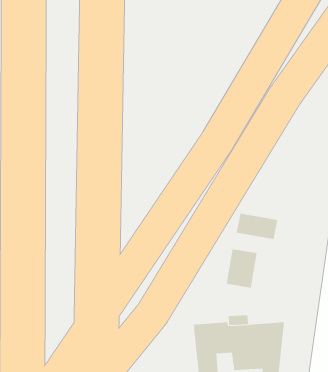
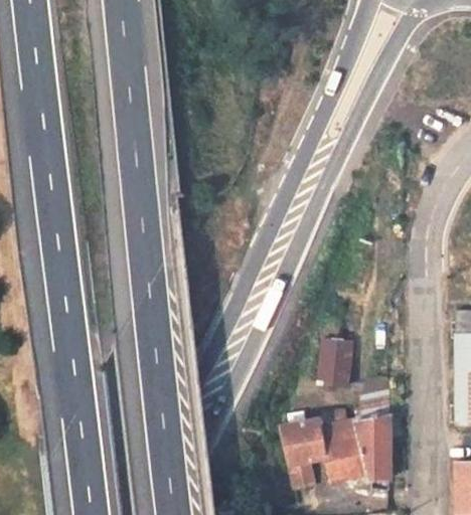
building: [236,213,278,240] -> none

